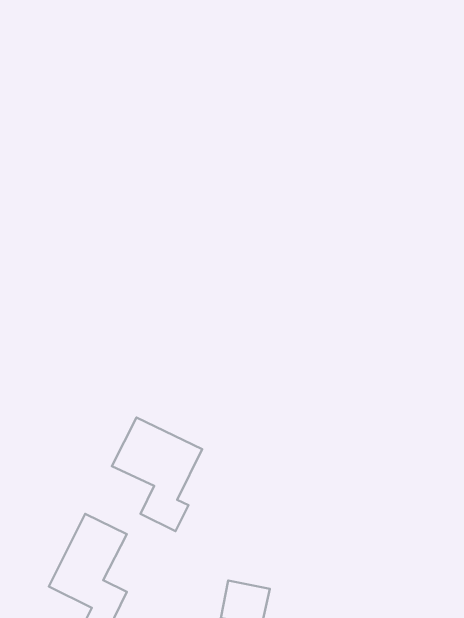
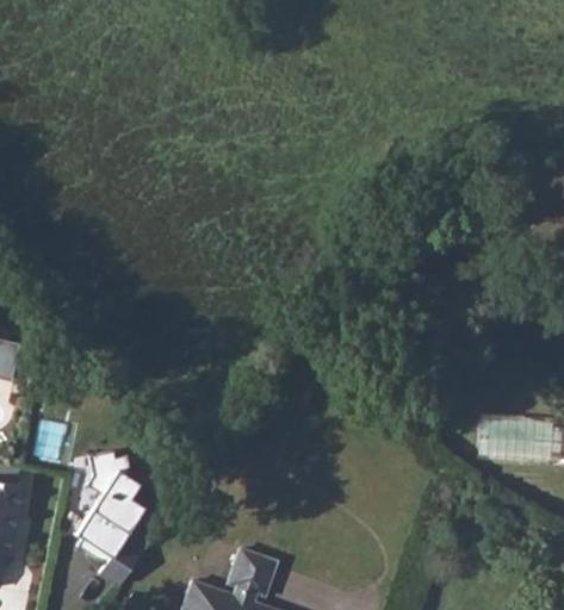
building: [112,417,202,531] -> none

